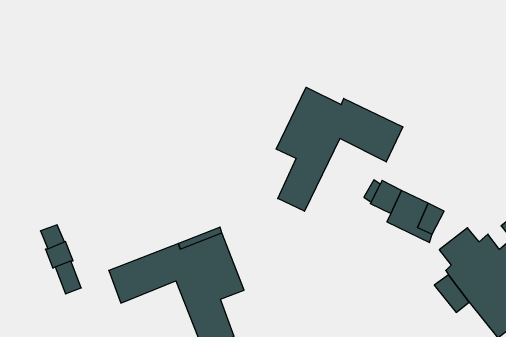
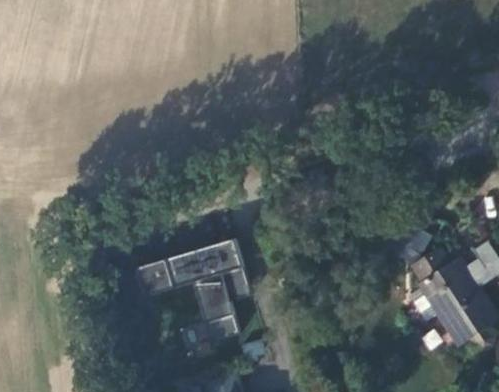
building: [276,87,403,211] -> none

